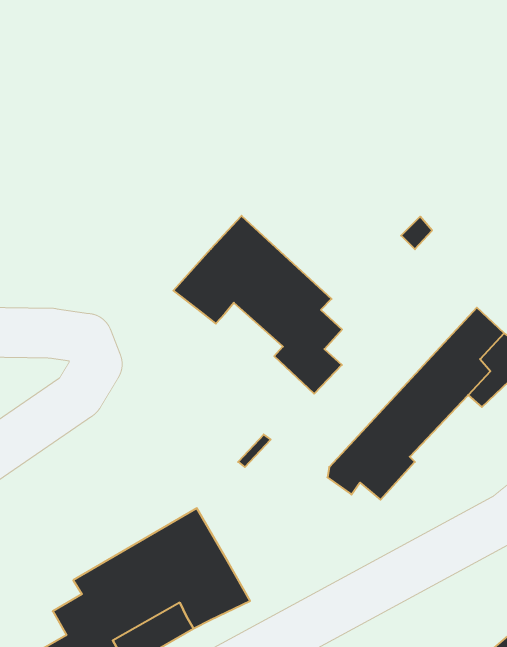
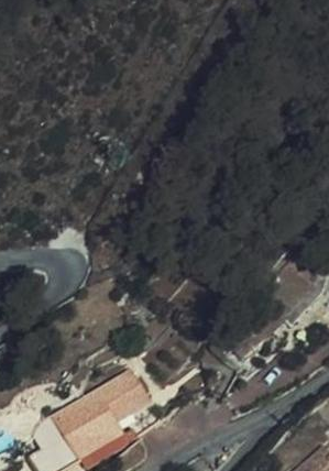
building: [173,216,342,394] -> none

